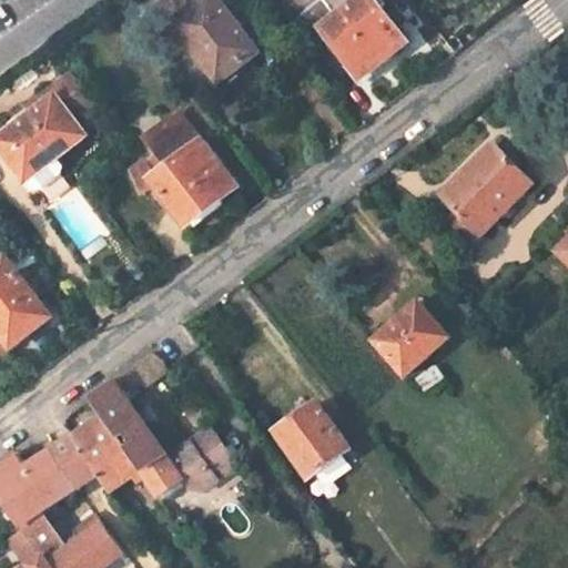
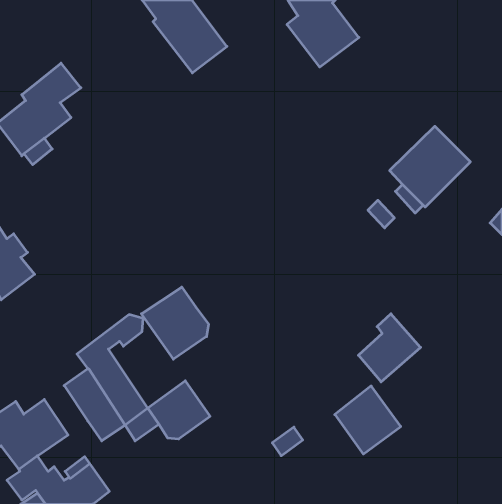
building: [129,116,232,224] -> none
building: [376,298,446,375] -> [358,314,421,382]
building: none -> [141,287,209,359]
building: [273,400,347,477] -> [335,386,401,454]
building: [50,434,99,489] -> none

